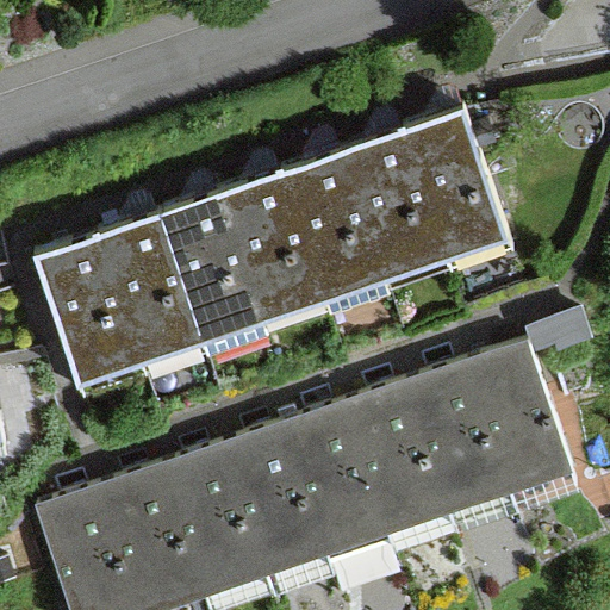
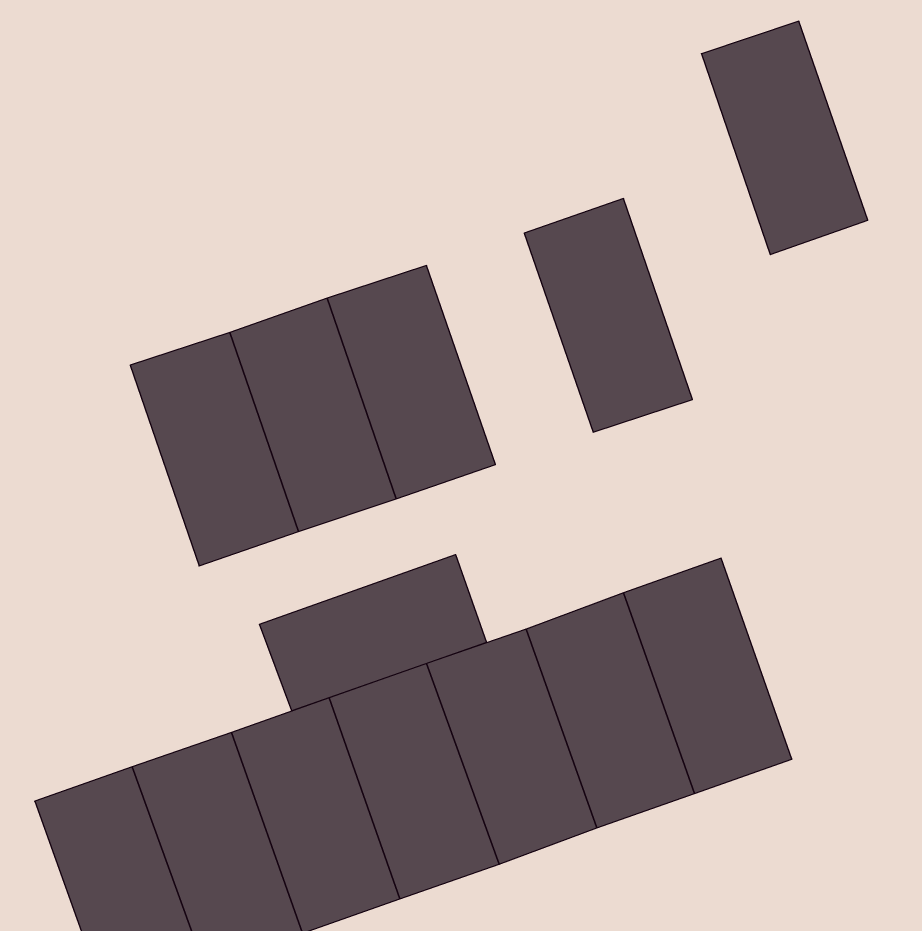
building: [403,116,506,261] -> [701,21,868,255]
building: [280,157,384,301] -> none
building: [35,239,138,385] -> none
building: [463,338,569,485] -> none
building: none -> [259,555,486,711]

